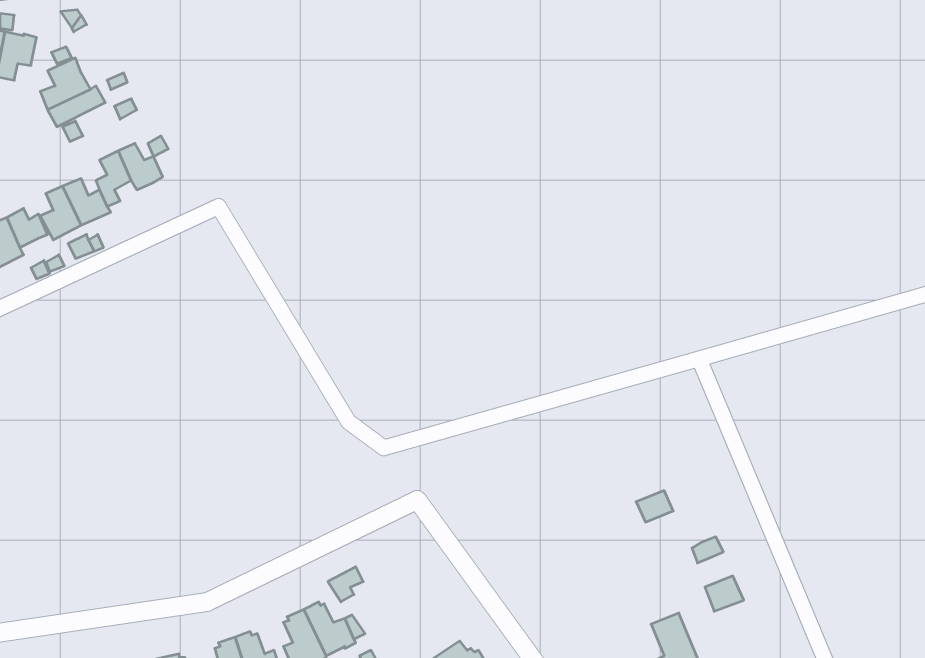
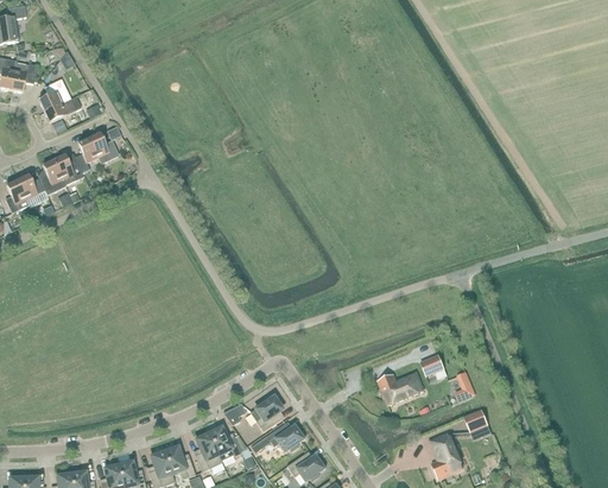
building: none -> [378,372,423,405]
building: none -> [249,394,284,431]
building: none -> [251,422,305,454]

